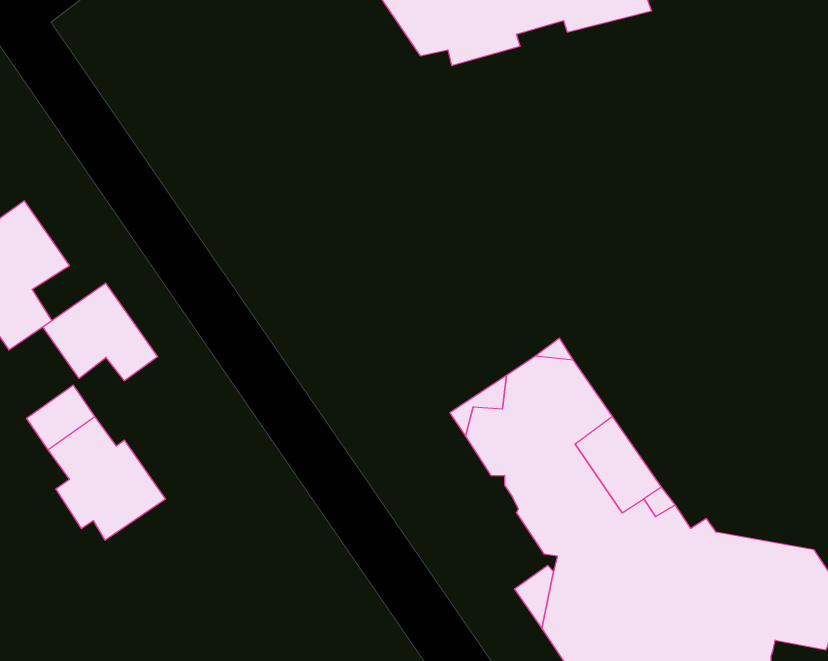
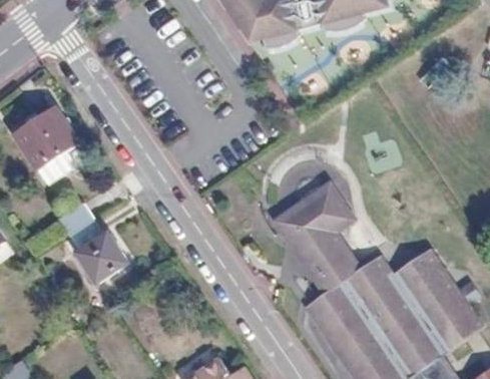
building: [43,283,158,381] -> none
building: none -> [402,253,457,289]

